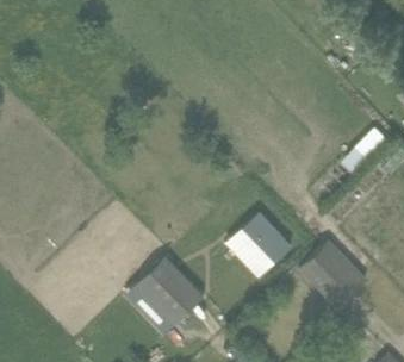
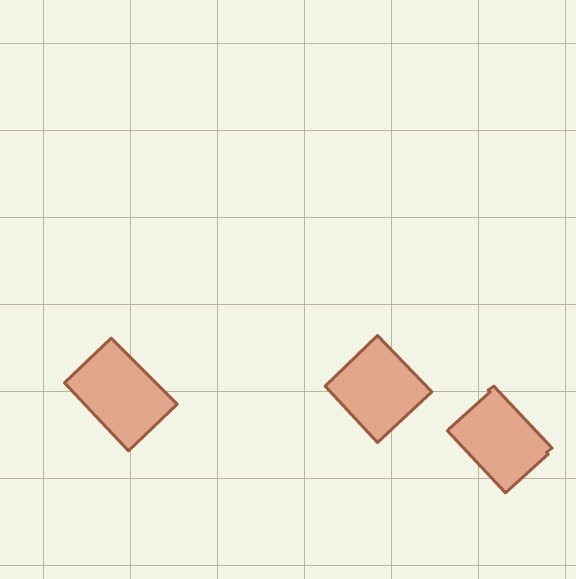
building: [136,257,205,326] -> [65,338,177,451]

